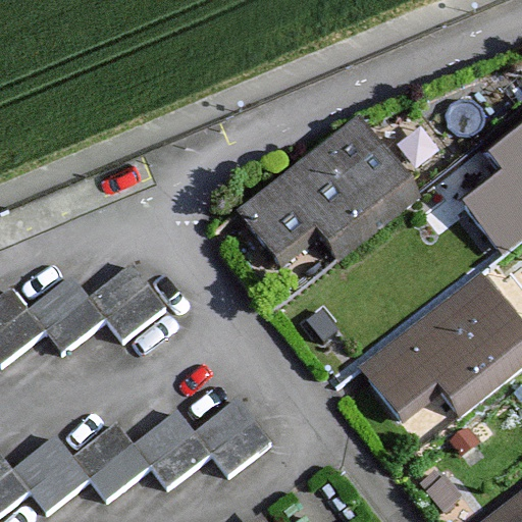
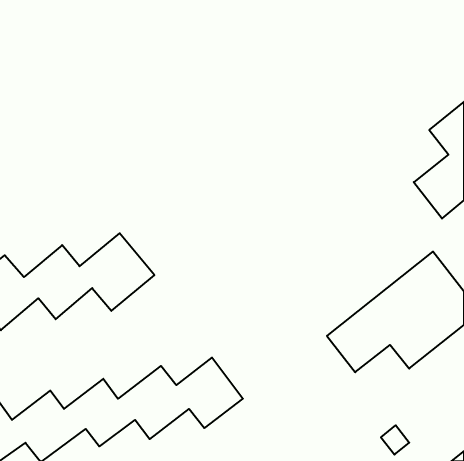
building: [243,125,415,259] -> none

